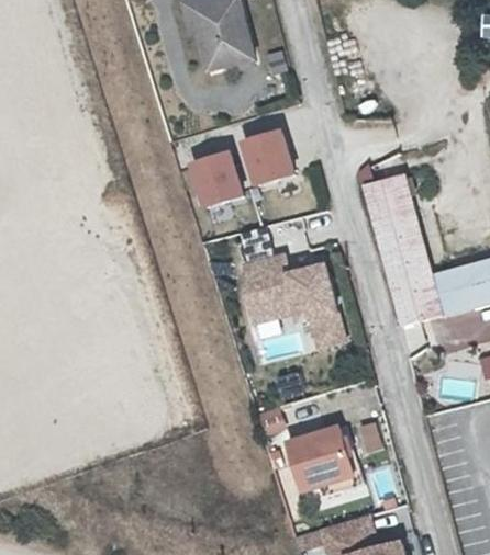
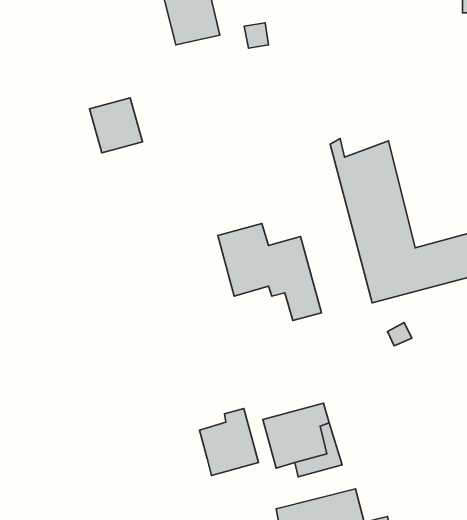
building: [243,133,294,188] -> none
building: [192,156,245,211] -> [90,98,142,153]
building: none -> [200,409,258,475]

